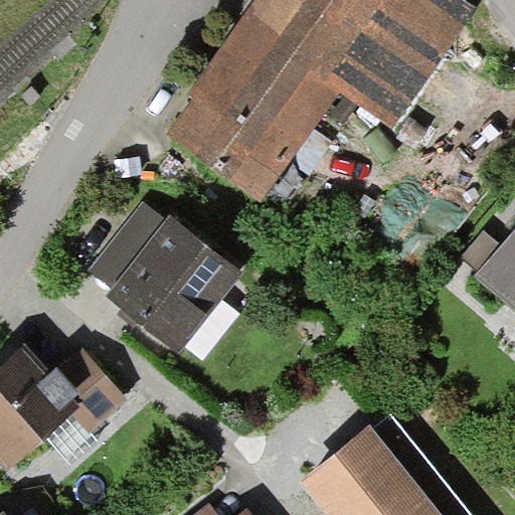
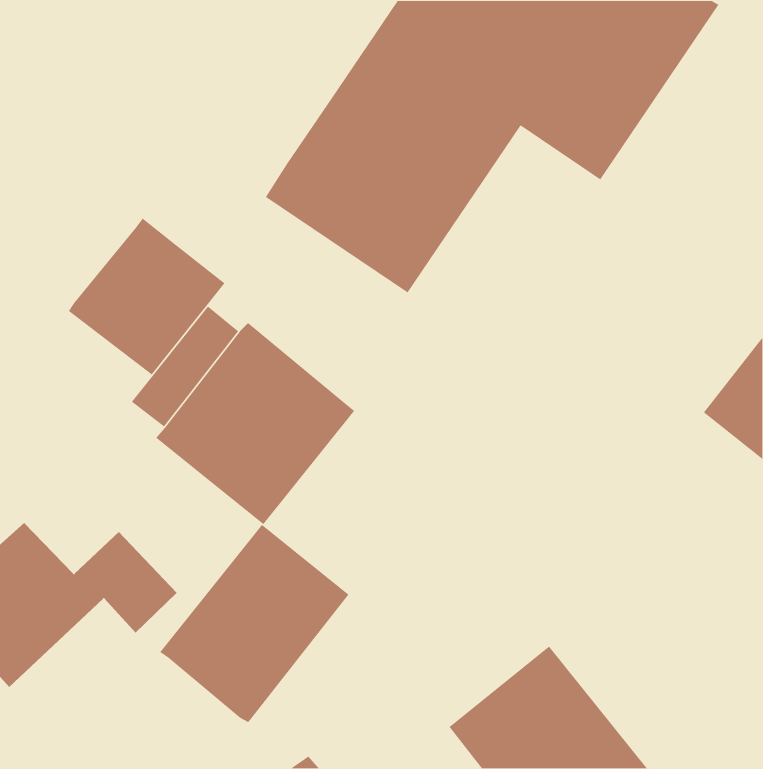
building: none -> [68,217,225,376]
building: none -> [159,524,350,723]

